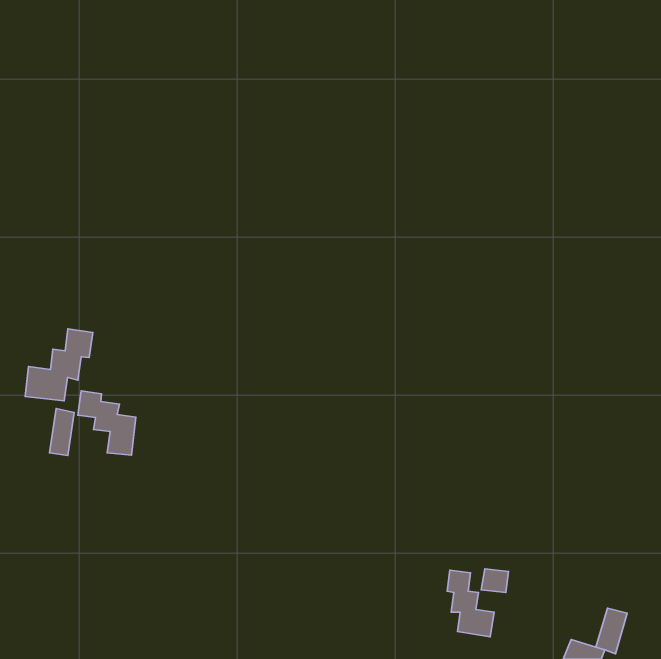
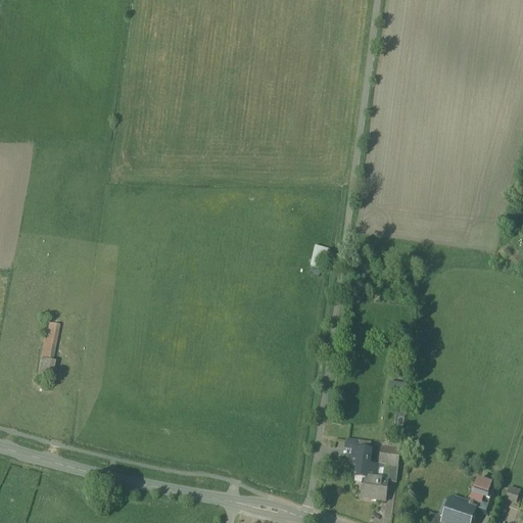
building: [25,329,93,401] -> none
building: [78,391,136,455] -> none

